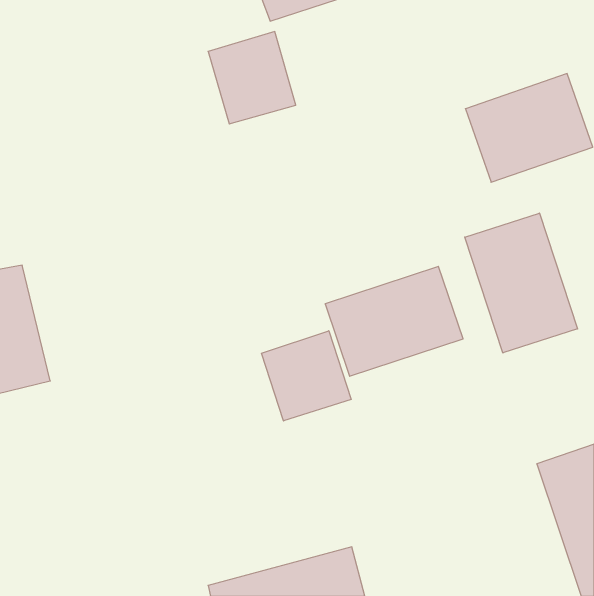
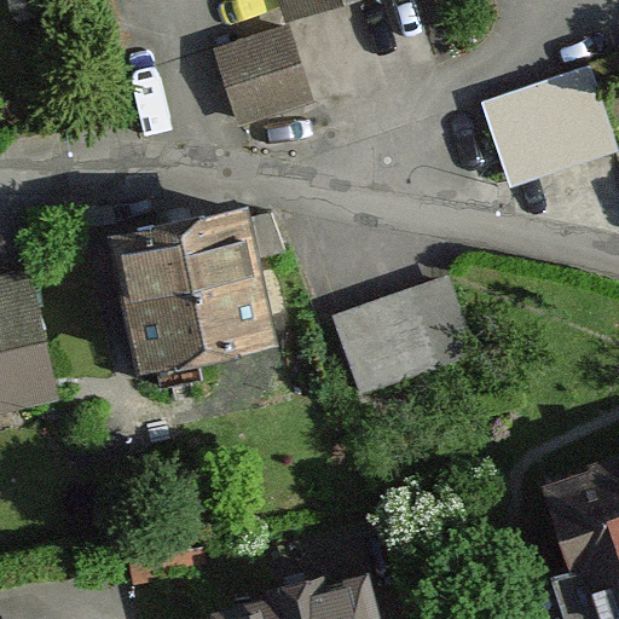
building: none -> [112,202,283,371]
building: [465,213,578,353] -> none
building: [262,331,351,421] -> none

